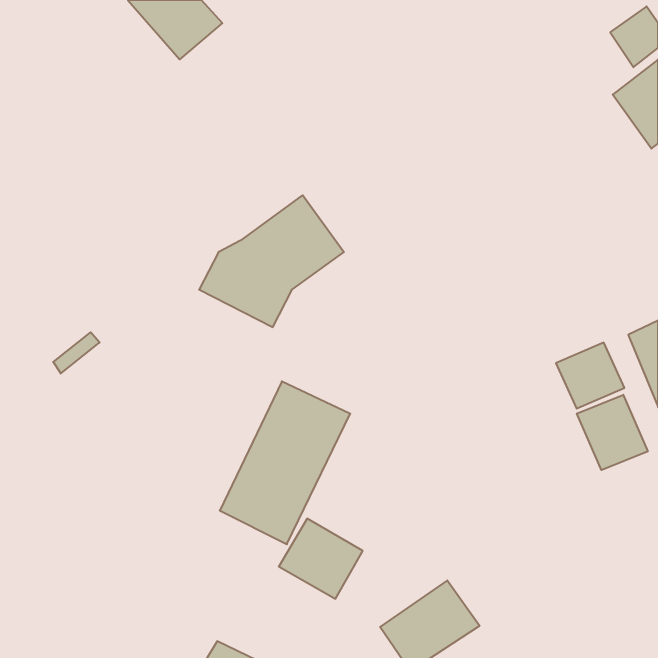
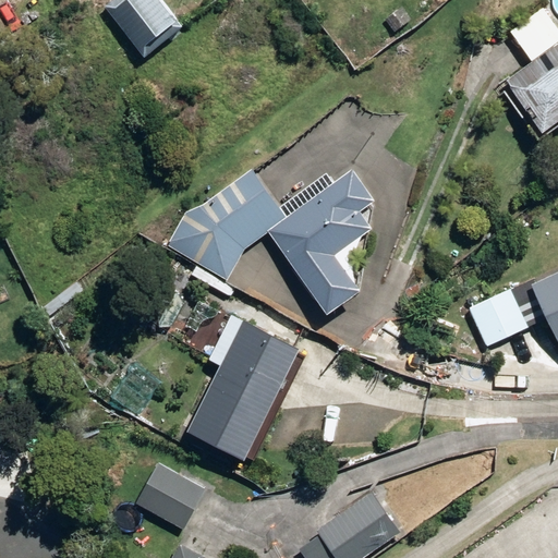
building: none -> [268,173,373,316]
building: [577,395,648,470] -> none
building: [279,519,363,599] -> [137,462,208,530]

